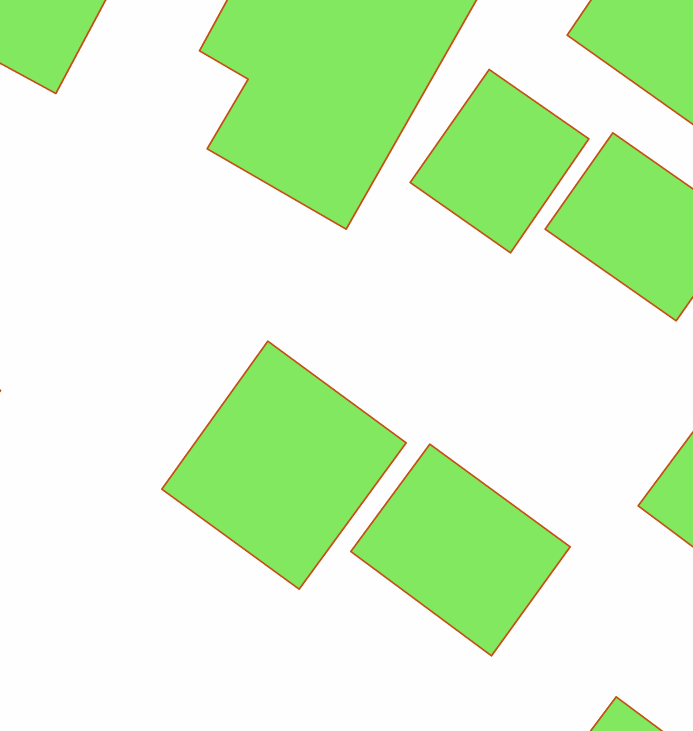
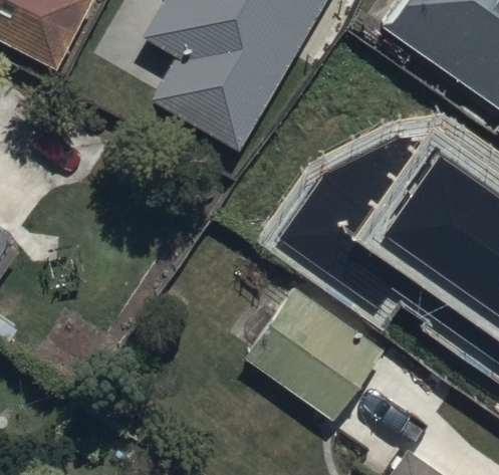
building: [410,70,589,253] -> none
building: [162,341,406,589] -> none

